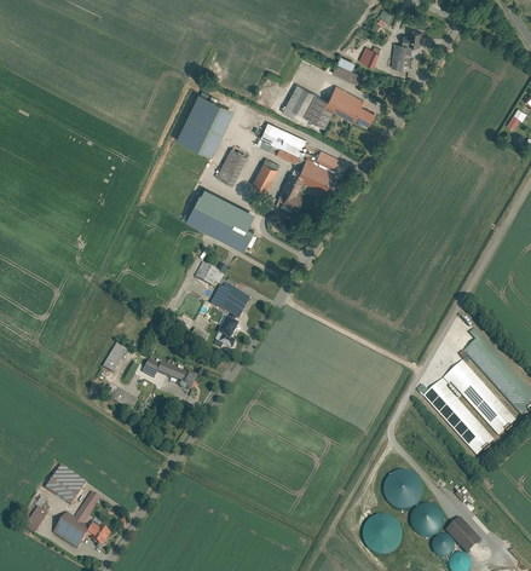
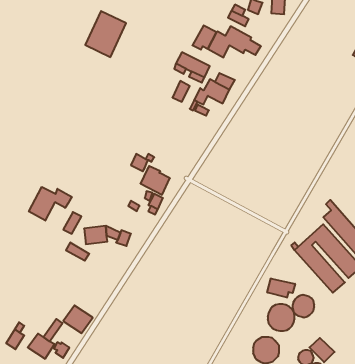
building: [178,92,235,156] -> [85,11,126,57]
building: [215,148,248,185] -> none
building: [187,188,255,250] -> none
building: none -> [29,187,72,221]
building: none -> [267,278,295,298]
building: [44,467,85,506] -> [63,305,93,333]
building: [412,504,443,536] -> [293,295,314,317]

